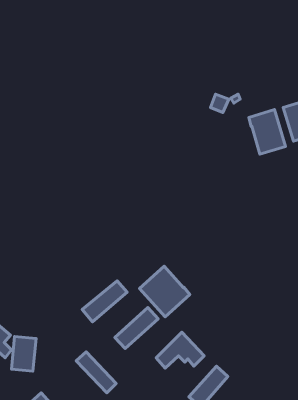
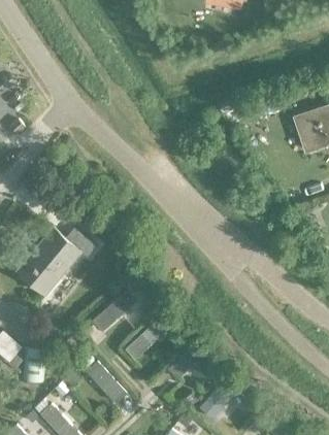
building: [249,110,286,154] -> none
building: none -> [15,227,95,295]
building: [139,266,190,317] -> none

